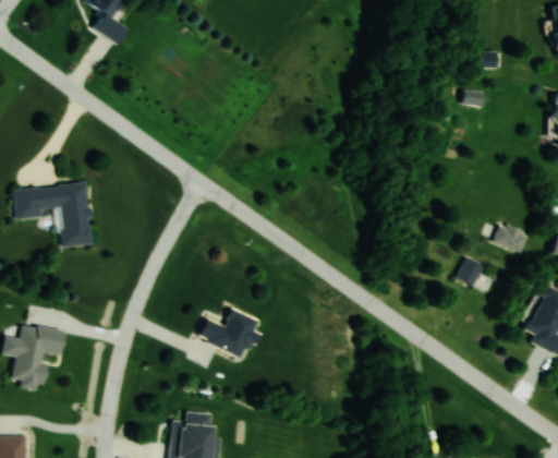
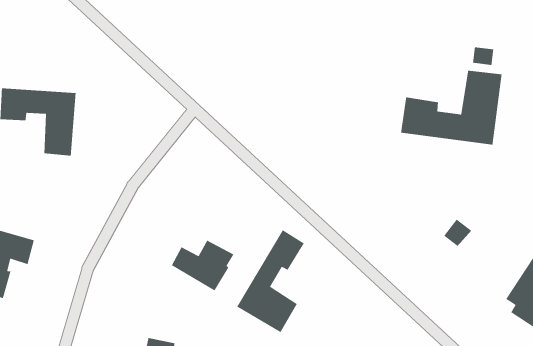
building: none -> [400,70,502,146]
building: [497,227,523,246] -> none
building: none -> [236,229,305,333]

